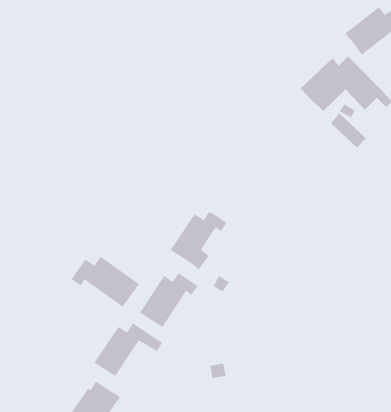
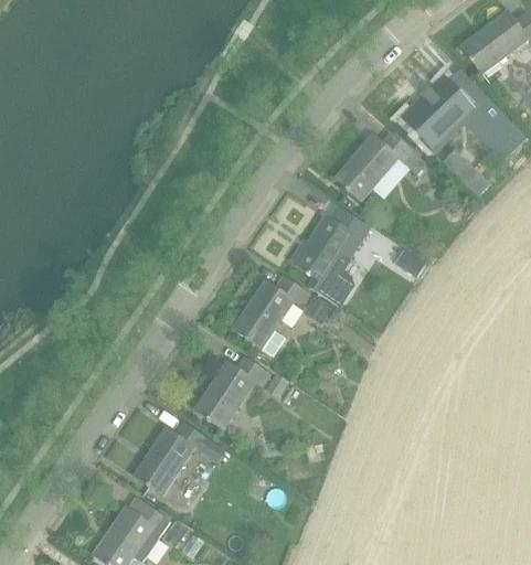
building: none -> [333,132,424,199]
building: none -> [294,205,369,303]
building: [71,256,140,308] -> none

